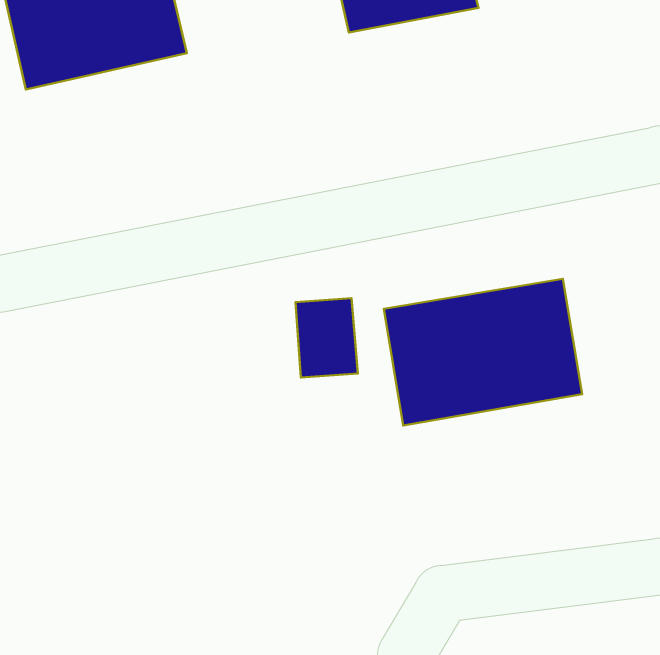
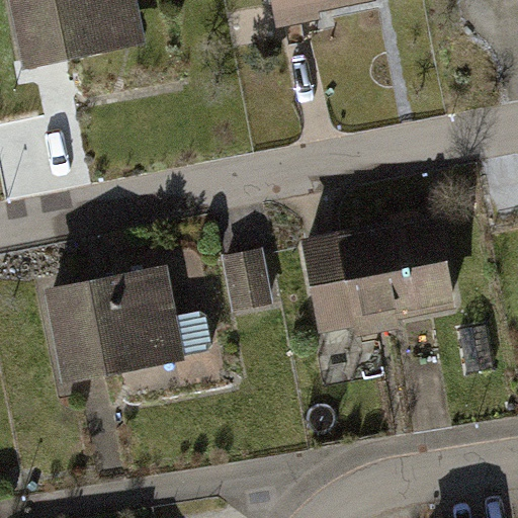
building: none -> [51,274,179,376]

